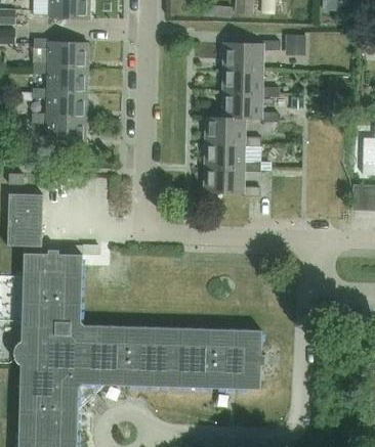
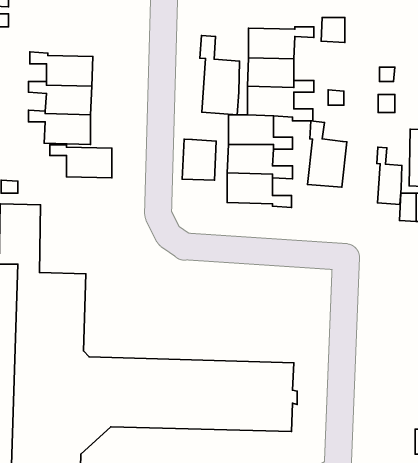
building: [35,39,88,68] -> [50,145,112,178]
building: none -> [200,36,240,115]
building: none -> [308,121,347,187]
building: none -> [182,139,216,180]
building: none -> [377,147,402,205]

